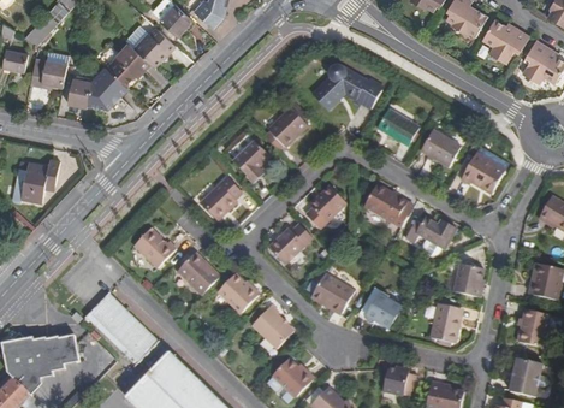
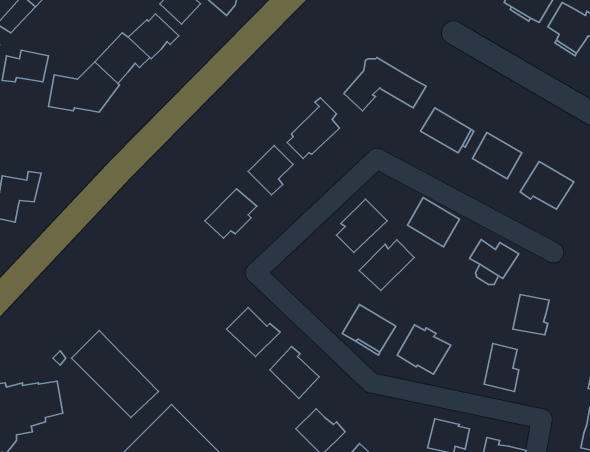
building: [267,220,313,262] -> [359,240,414,291]
building: [133,226,177,266] -> none
building: [177,252,220,294] -> none

